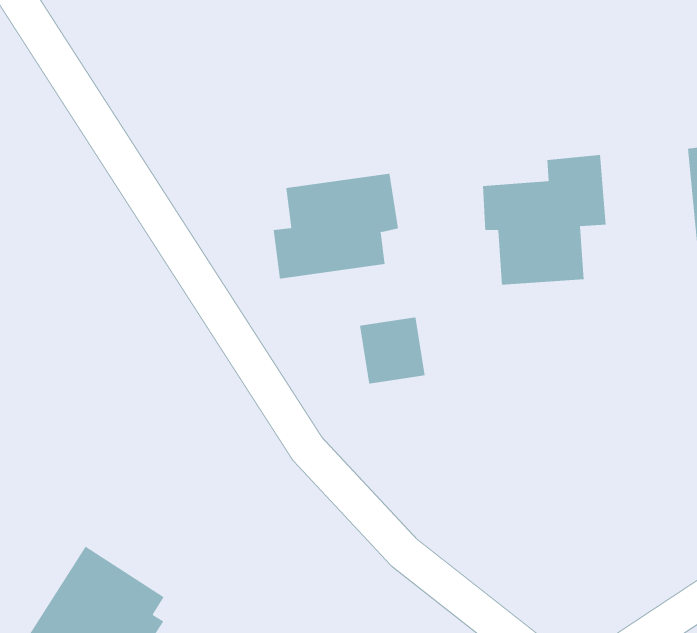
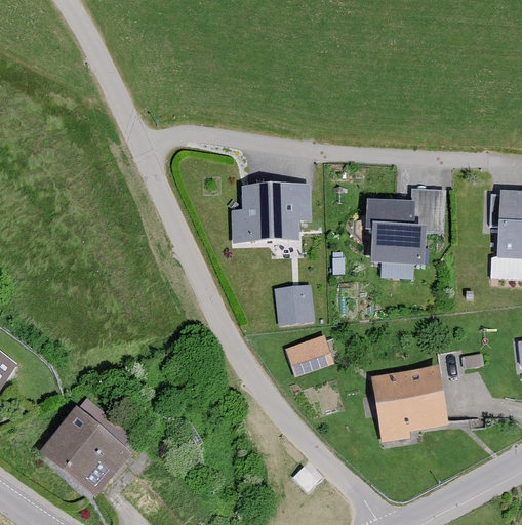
building: none -> [284,336,332,377]
building: none -> [368,367,446,443]

